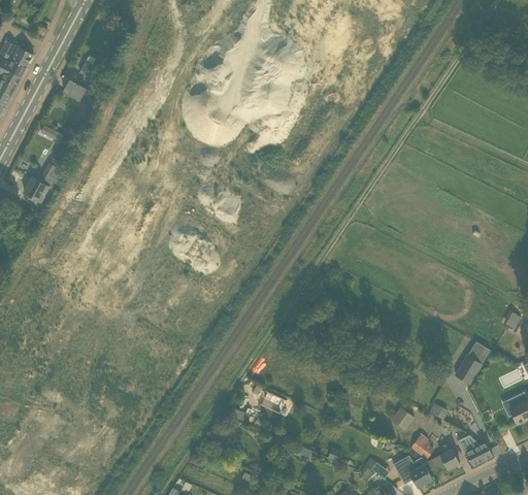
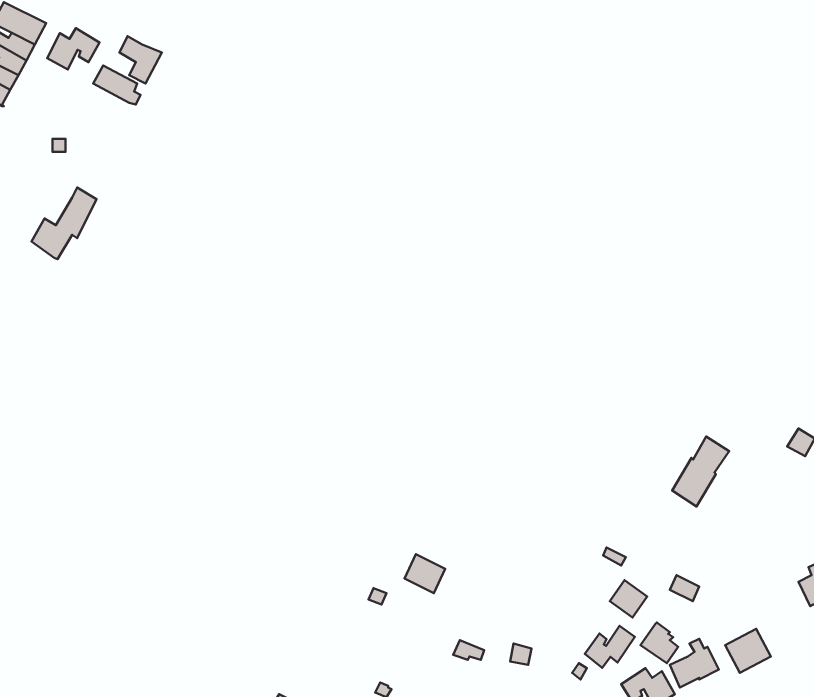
building: none -> [47,28,100,70]
building: [454,340,490,385] -> [672,437,729,507]
building: none -> [585,626,635,668]

